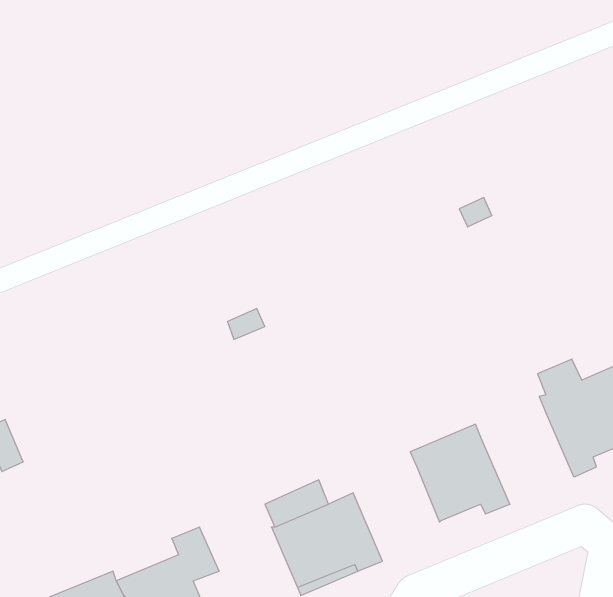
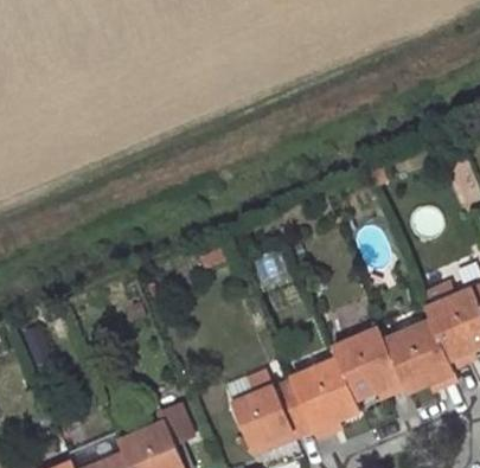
building: none -> [384,322,456,393]
building: none -> [290,361,359,438]

